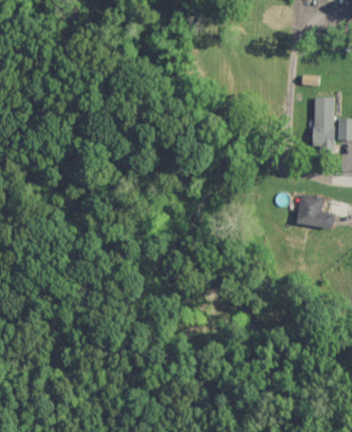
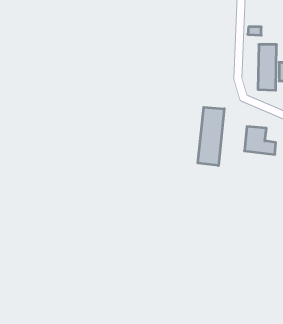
building: none -> [198,107,224,166]

